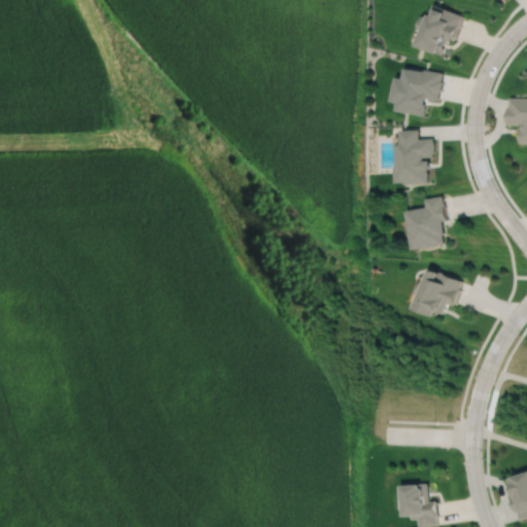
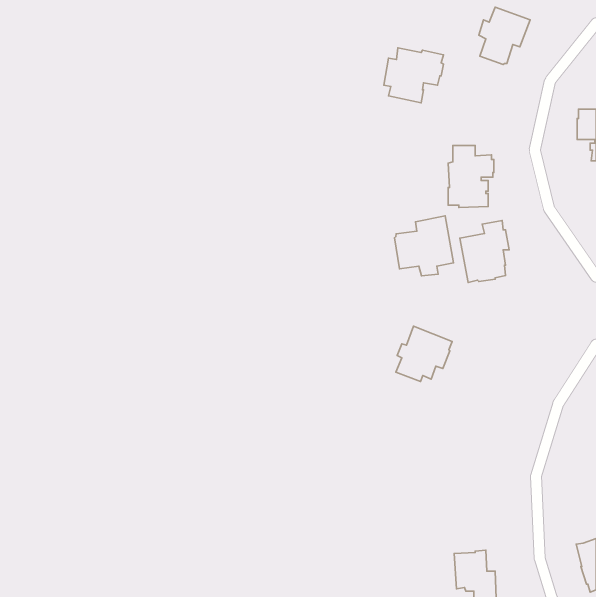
building: [389,67,442,115] -> [384,48,444,103]
building: none -> [395,216,454,276]
building: [412,269,461,317] -> [396,326,452,381]

